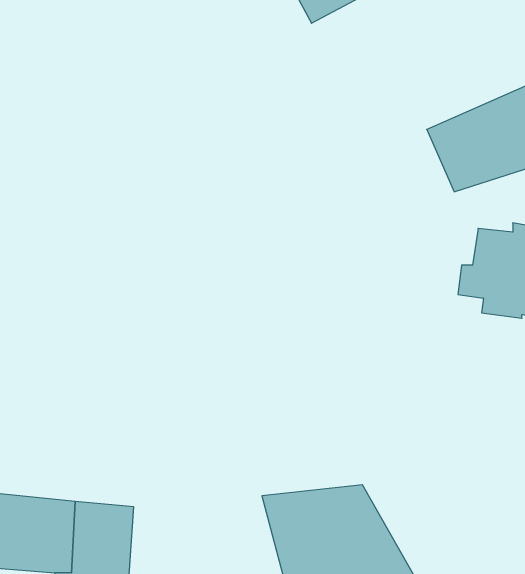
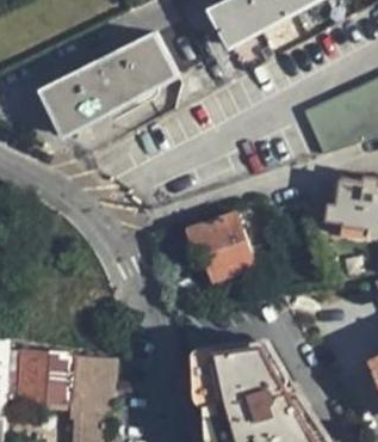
building: none -> [43,36,172,133]
building: none -> [186,213,253,281]

